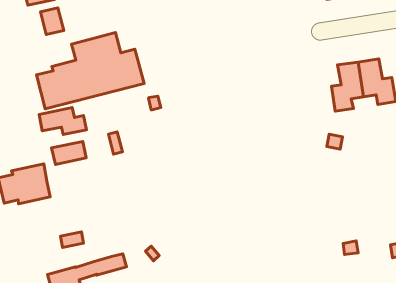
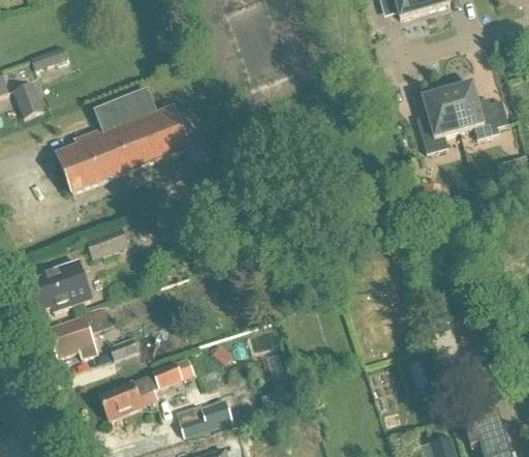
building: [41,8,64,34] -> [13,82,44,116]
building: [39,107,87,135] -> none
building: none -> [48,307,106,358]

